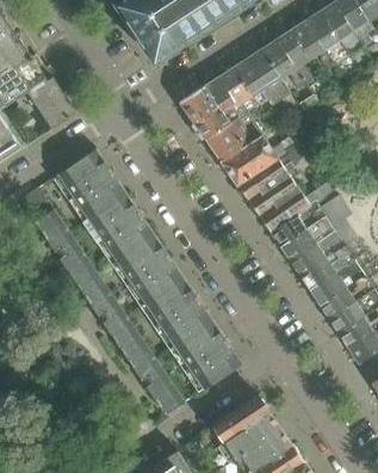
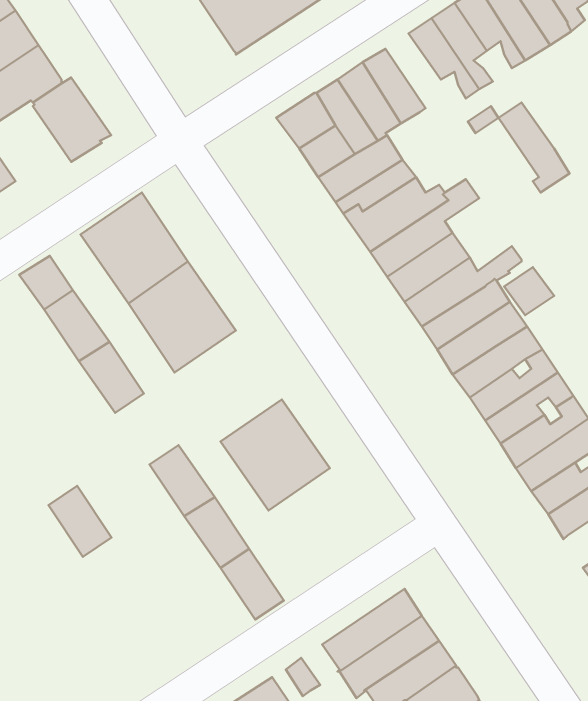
building: [247,49,291,105] -> [498,102,569,193]
building: [116,234,182,303] -> none
building: [79,274,118,318] -> [48,486,112,557]
building: [174,320,241,389] -> none

